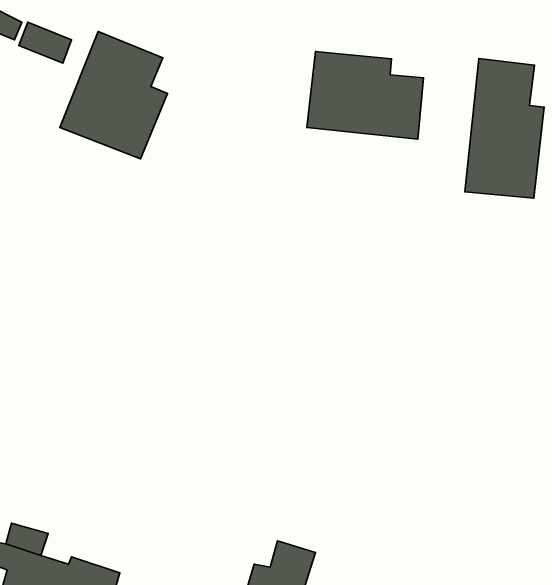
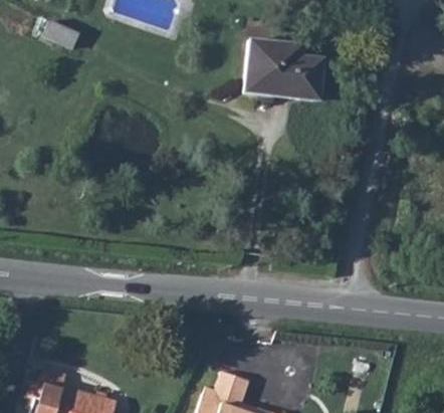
building: [60,31,168,159] -> none
building: [465,59,544,198] -> none

